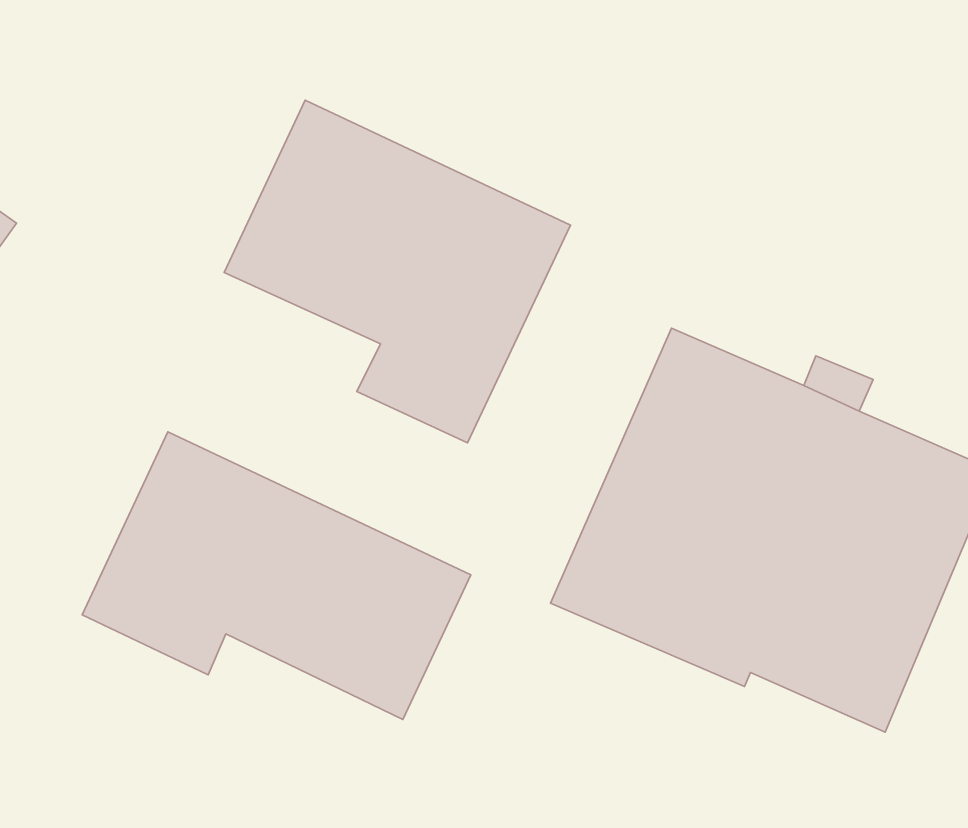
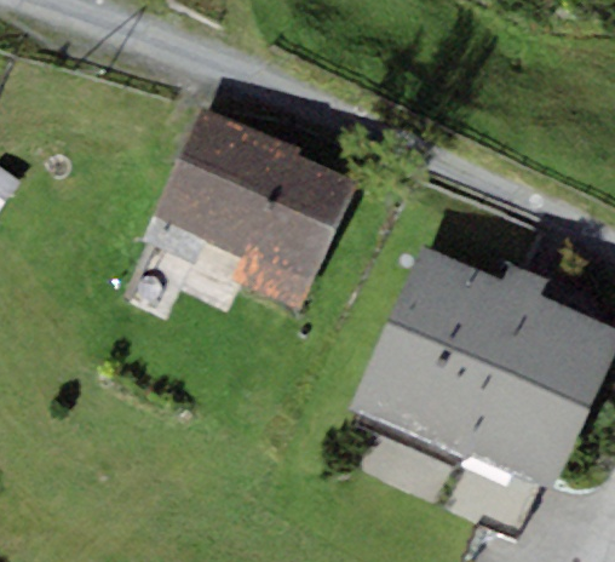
building: [82,432,471,719] -> none

